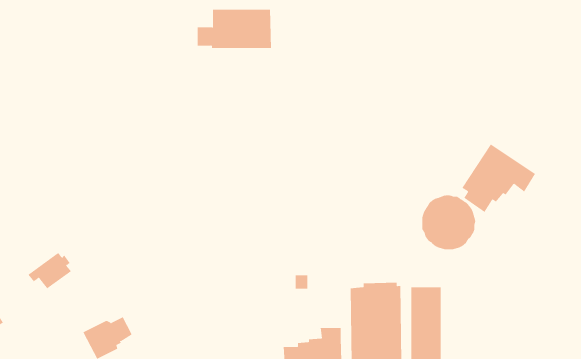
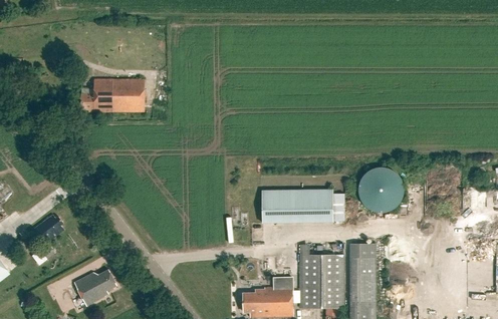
building: [197,9,272,48] -> [80,79,144,112]
building: [461,144,536,213] -> none
building: none -> [263,190,334,223]

